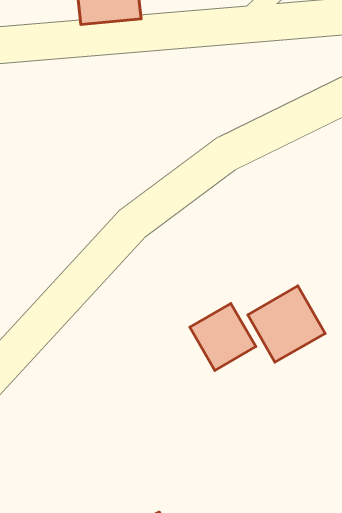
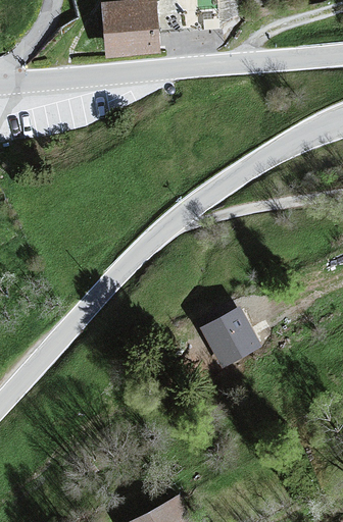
building: [248,286,325,362] -> none

